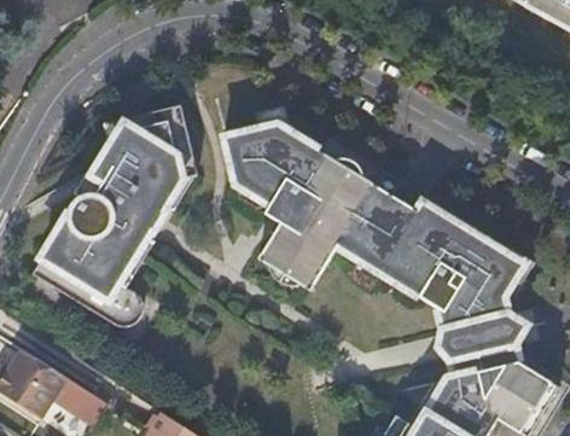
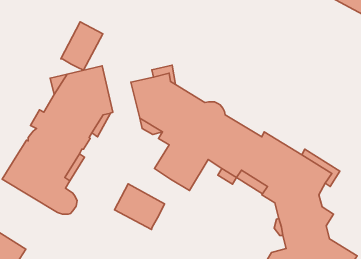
building: none -> [61,22,103,70]
building: none -> [115,184,165,229]

